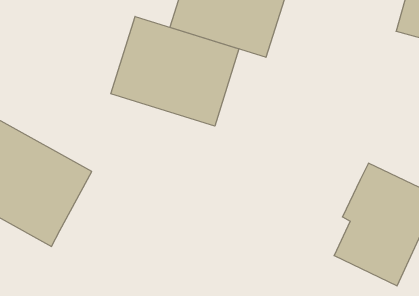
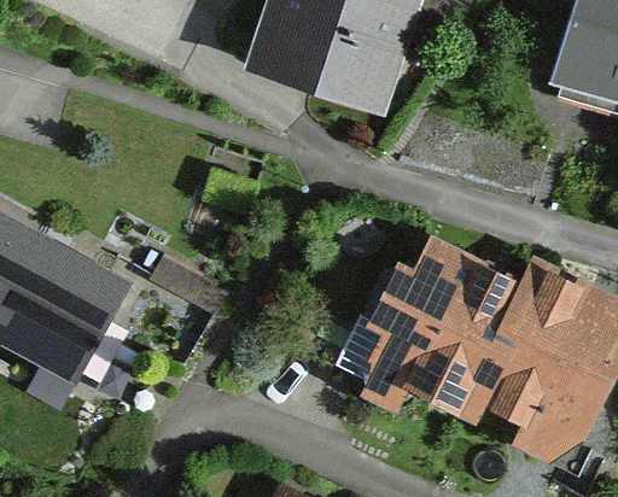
building: [111,16,239,126] -> none
building: none -> [374,250,519,419]

